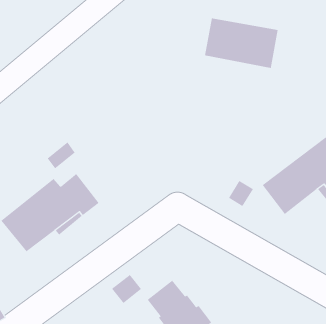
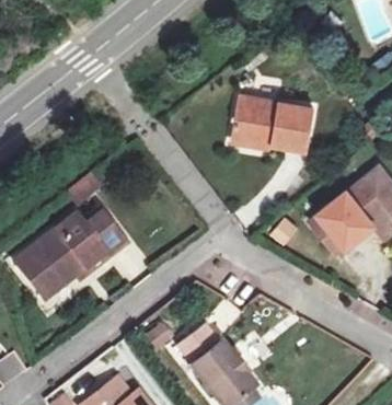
building: [204,18,278,68] -> [230,94,312,150]

